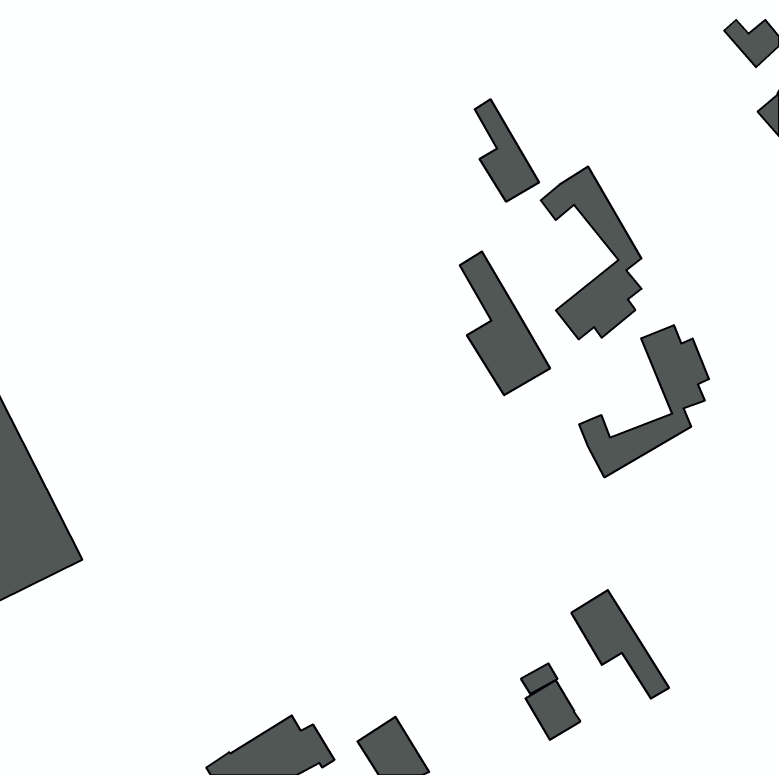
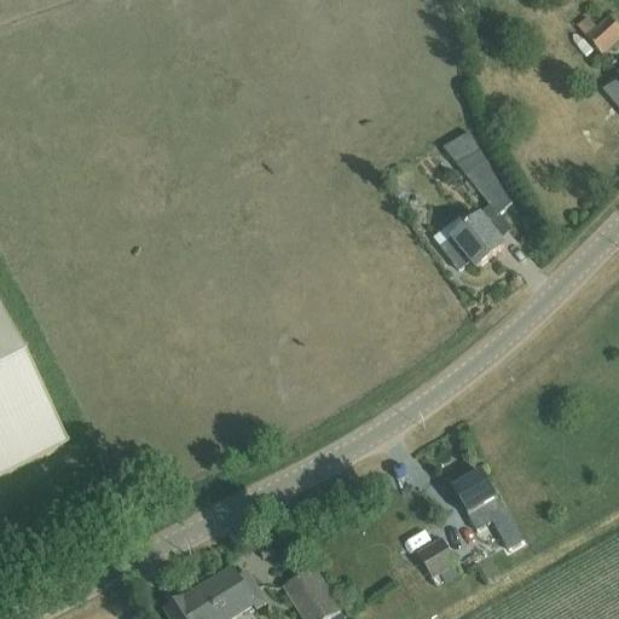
building: [475,99,539,202] -> none
building: [460,251,550,395] -> none
building: [579,325,709,477] -> none

